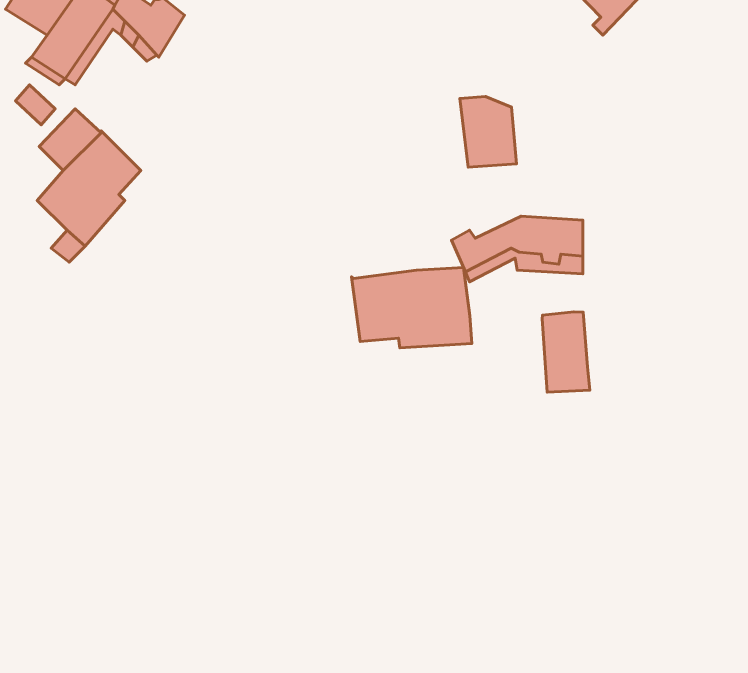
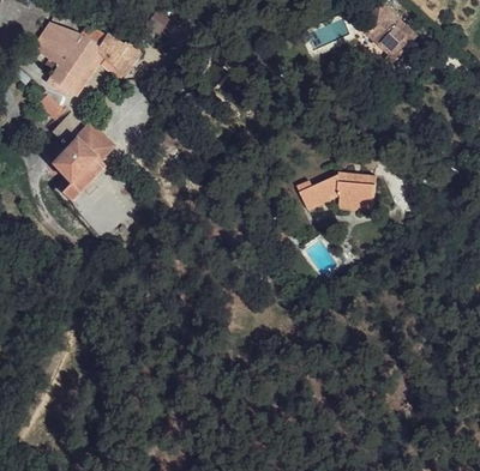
building: [460,96,516,167] -> none
building: [352,268,472,348] -> none
building: [542,312,590,392] -> none

